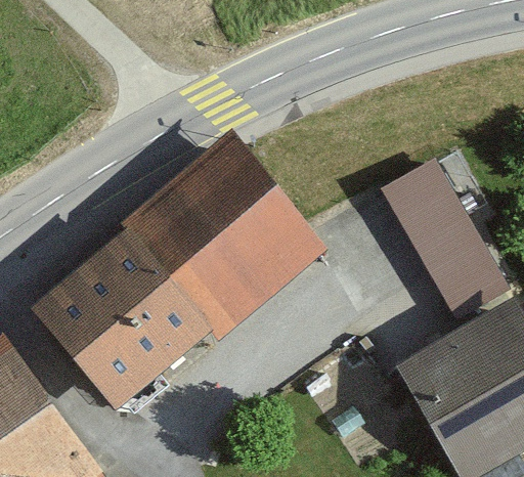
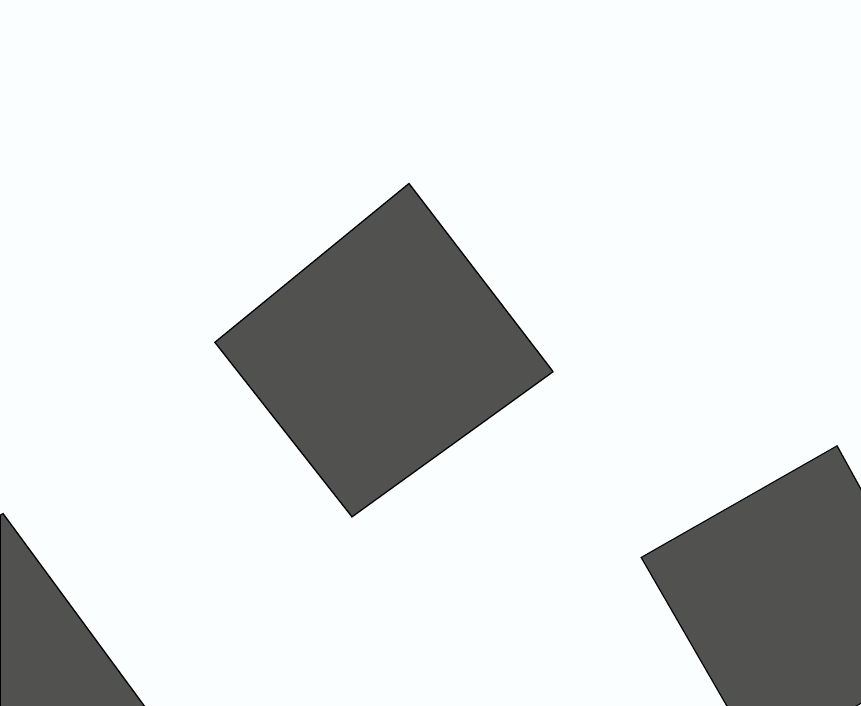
building: [377,145,505,305] -> none
building: [32,234,213,417] -> none

